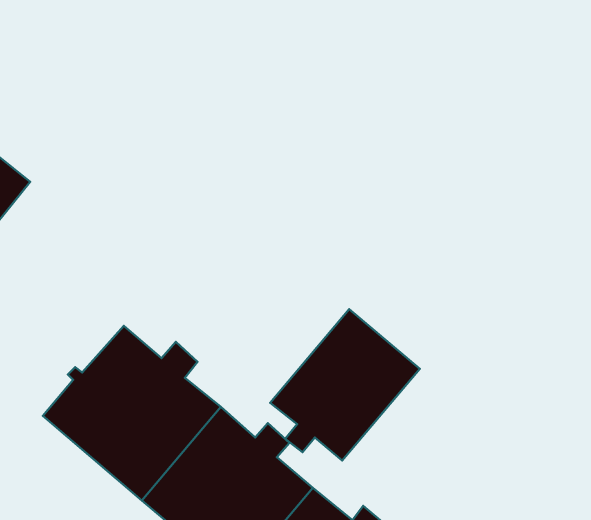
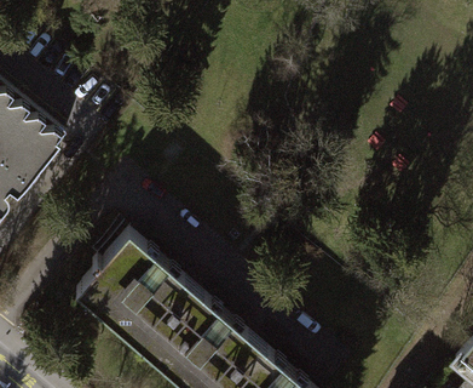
building: [270,309,420,460] -> none

